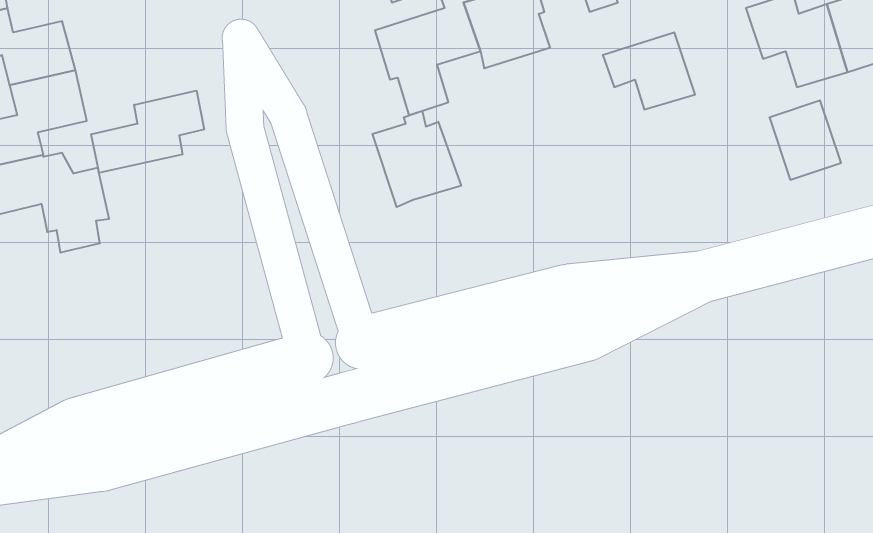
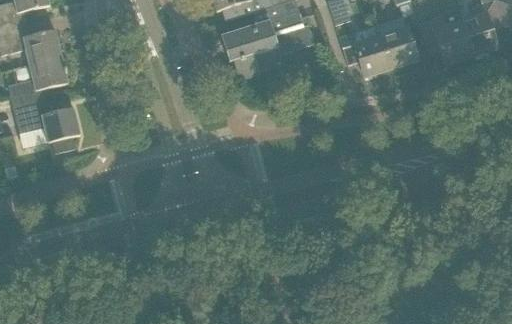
building: [91,91,204,173] -> none
building: [769,101,841,180] -> [380,25,418,67]
building: [372,111,461,207] -> none

